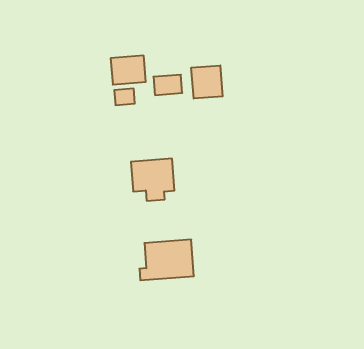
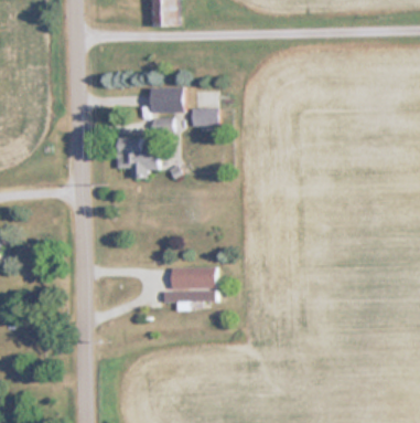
building: [191,65,223,99] -> none
building: [131,159,174,201] -> [117,138,157,177]

